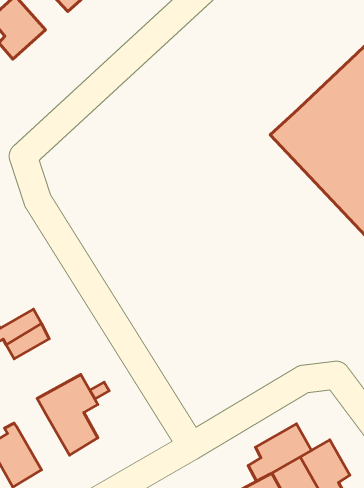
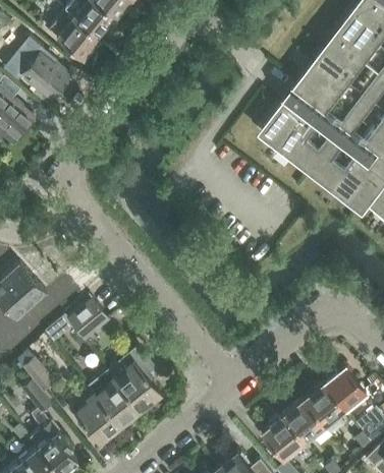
building: none -> [88,370,140,426]
building: [248,424,311,481] -> none

